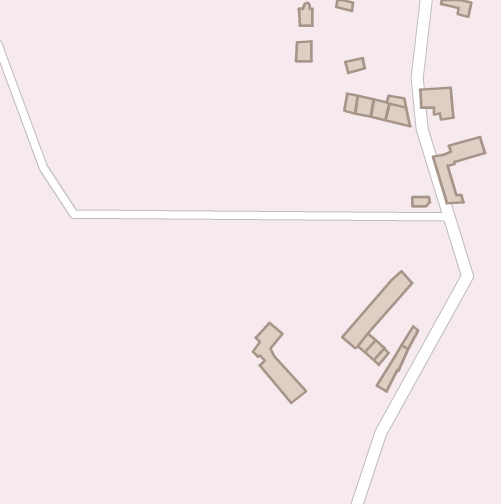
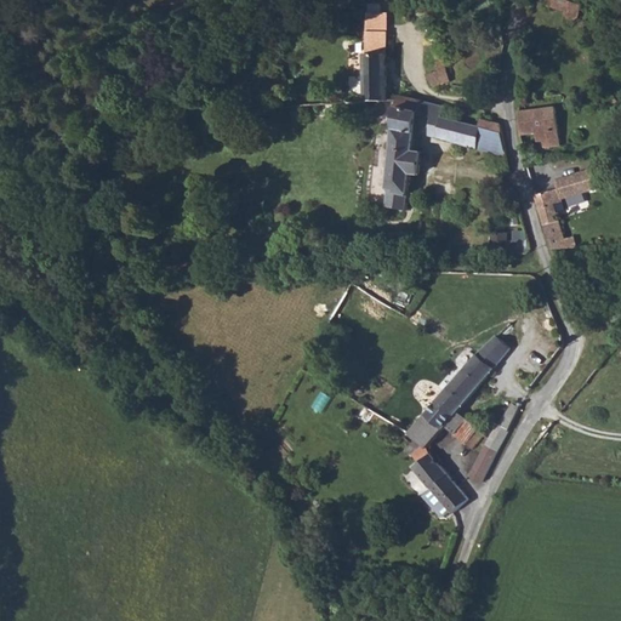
building: none -> [363,75,383,102]
building: none -> [381,98,421,210]
building: [253,323,306,403] -> [400,415,466,513]

